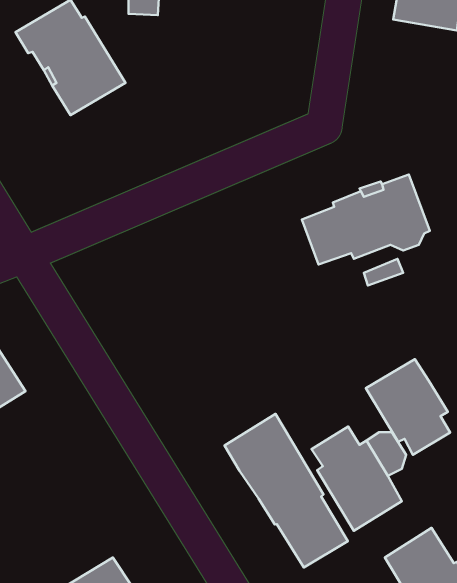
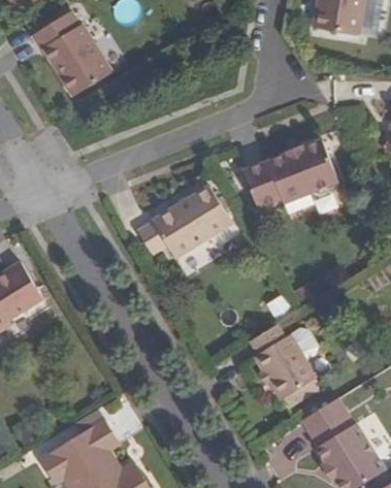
building: none -> [138,185,232,256]
building: [366,359,450,455] -> none
building: [225,414,348,567] -> none

